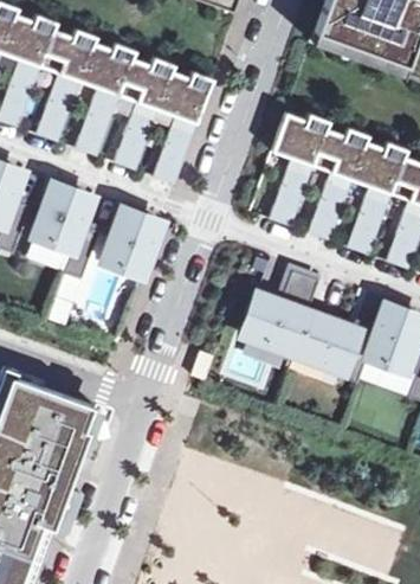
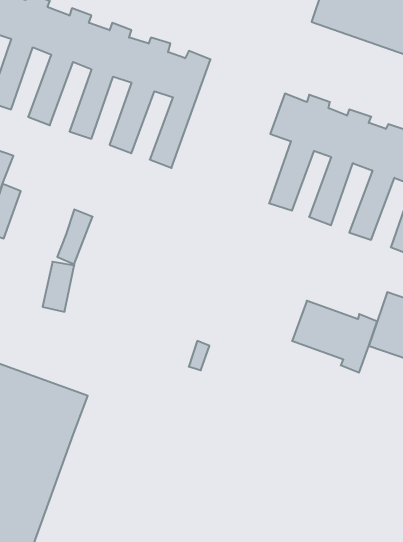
building: [34,185,90,250] -> none
building: [104,210,160,275] -> none
building: [243,271,318,353] -> none

